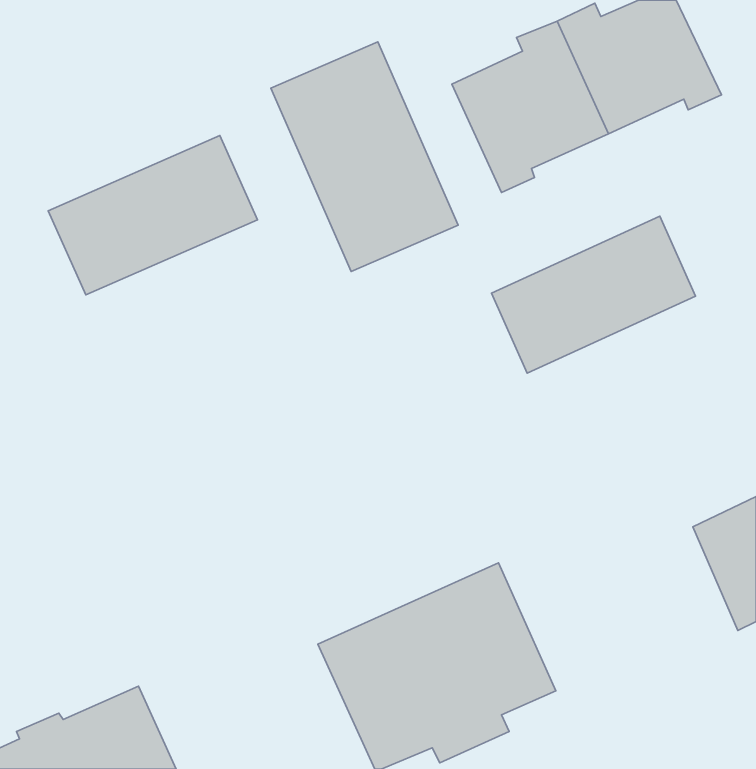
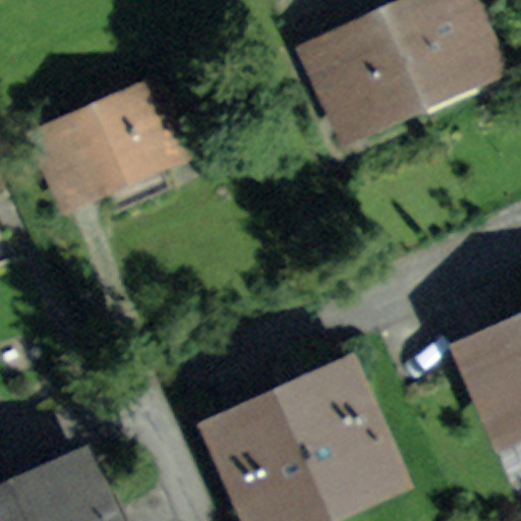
building: [271,42,458,271] -> none
building: [491,216,696,373] -> none

